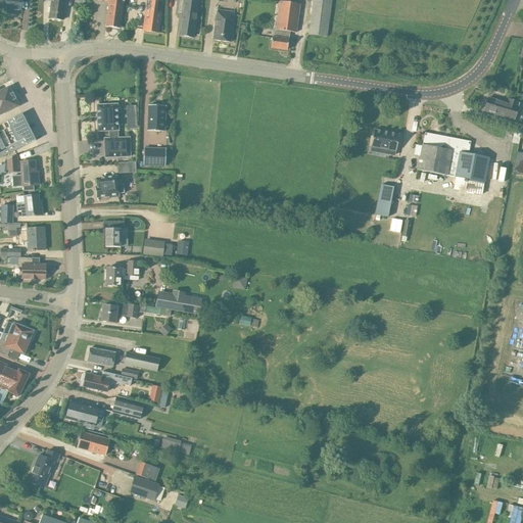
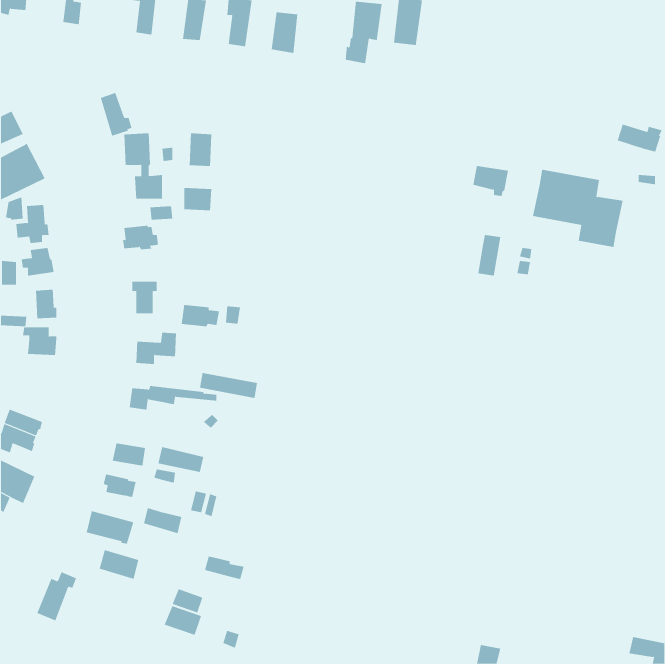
building: none -> [100,92,132,137]

